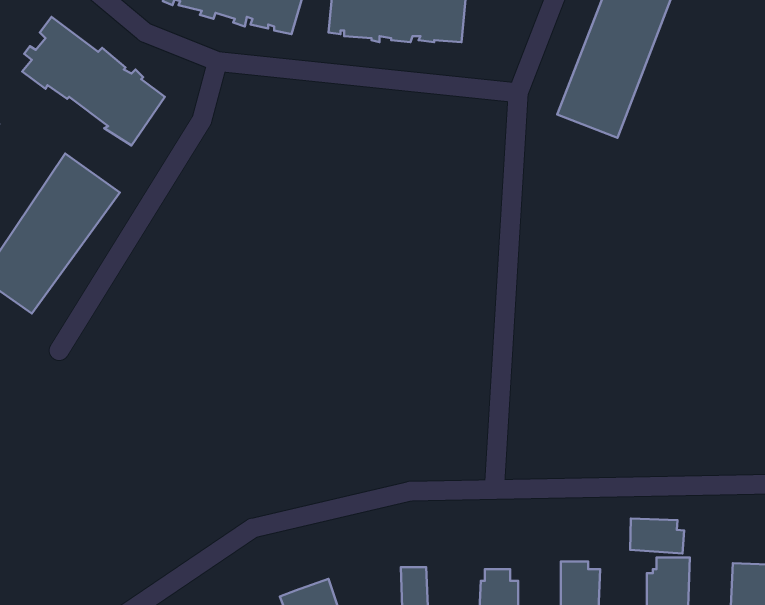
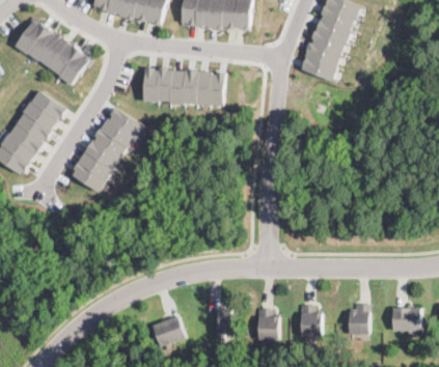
building: none -> [143,66,224,106]
building: none -> [71,107,143,193]
building: [630,519,684,553] -> none

